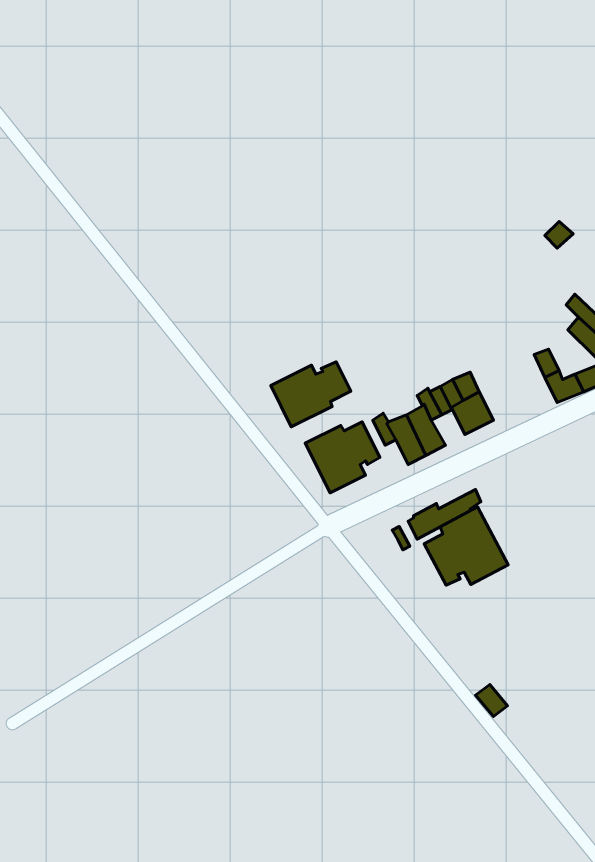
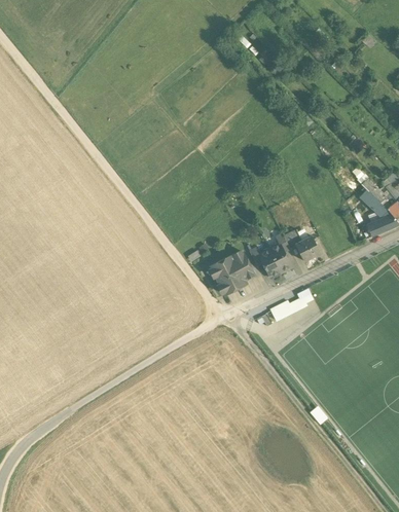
building: [271,362,351,427] -> none
building: [424,507,508,585] -> none

